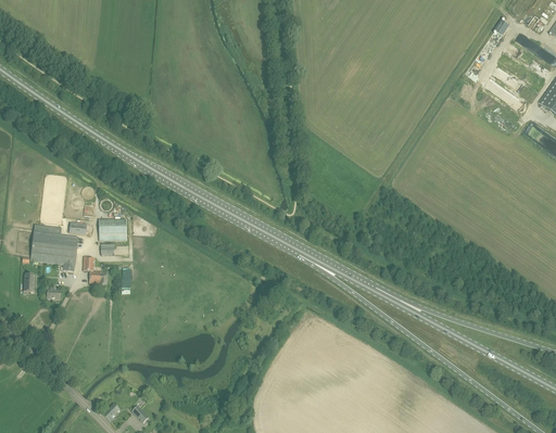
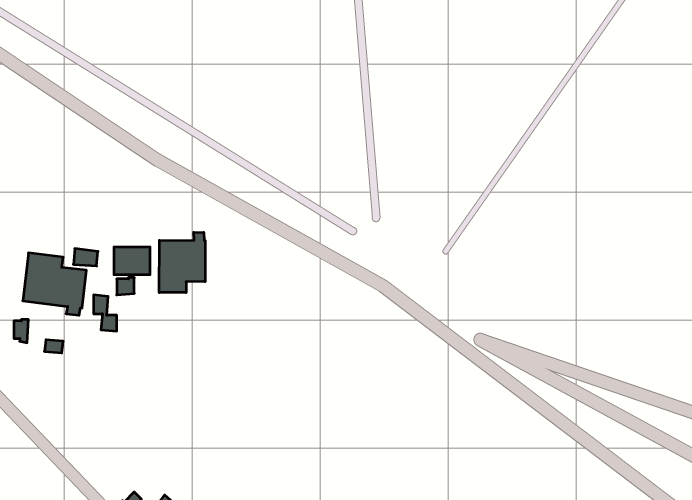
building: none -> [159,232,205,293]

